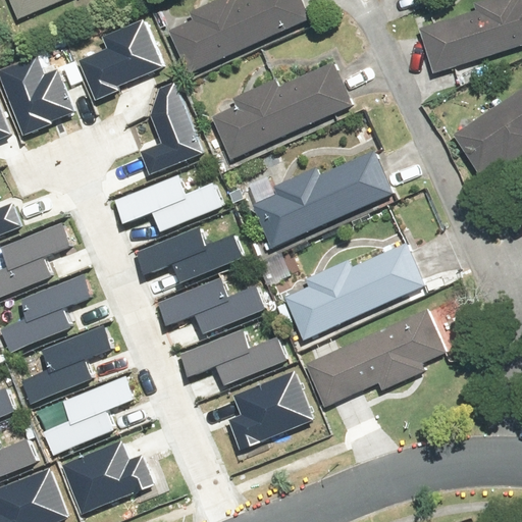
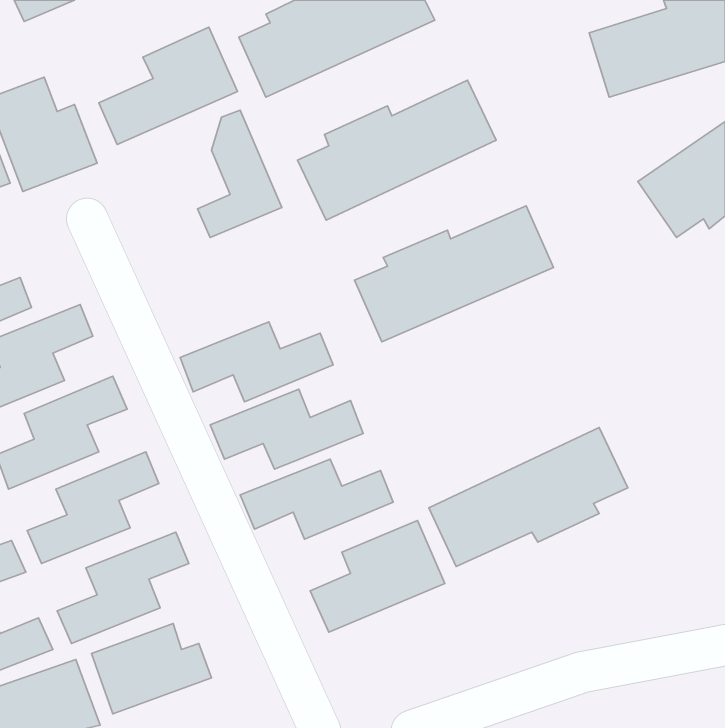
building: [115,177,224,234] -> none
building: [288,241,427,338] -> none

